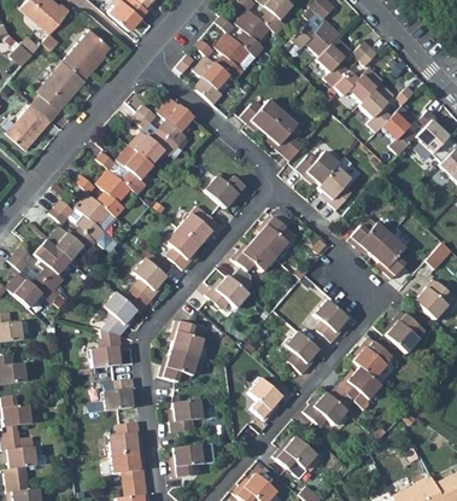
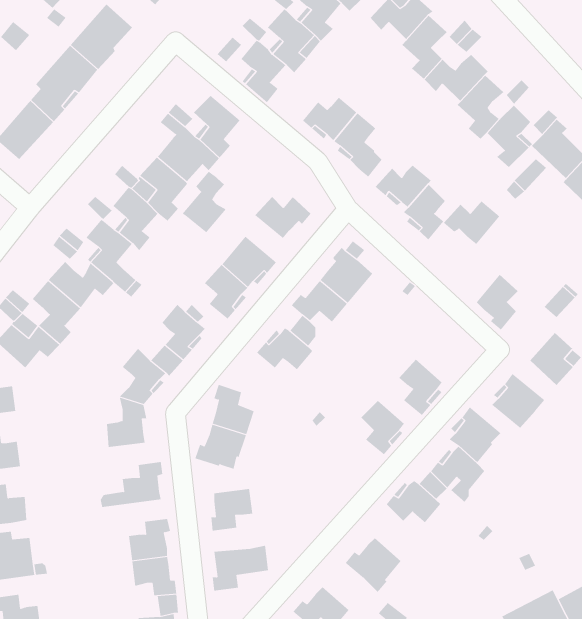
building: none -> [182,171,227,233]
building: [347,222,391,256] -> [443,201,500,245]
building: [248,378,282,421] -> none

